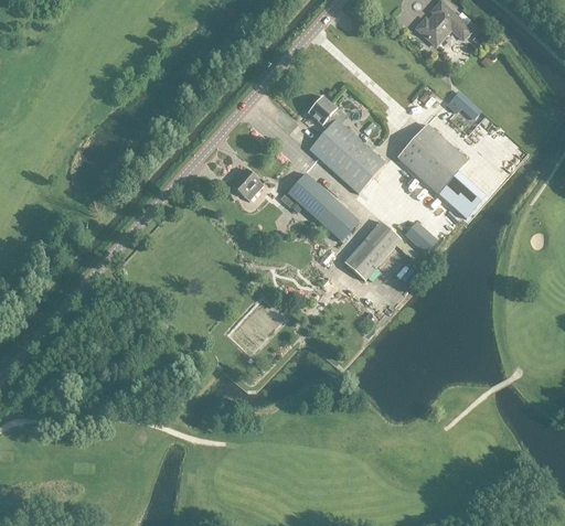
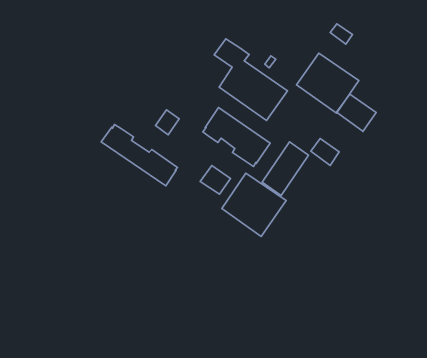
building: none -> [101,124,178,186]
building: none -> [200,165,230,194]
building: none -> [222,173,286,236]

